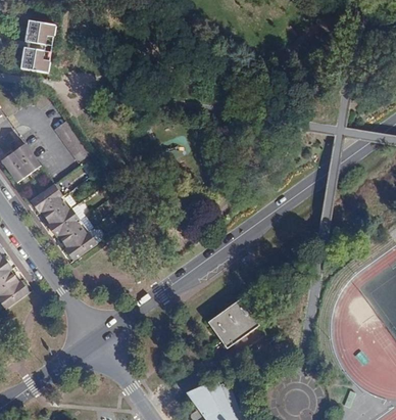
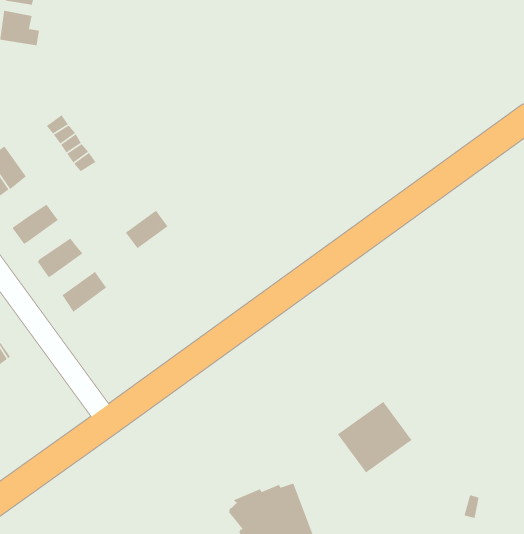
building: [40,194,70,222] -> none
building: [57,218,88,246] -> [125,209,168,250]
building: [206,297,259,348] -> [337,401,412,473]

